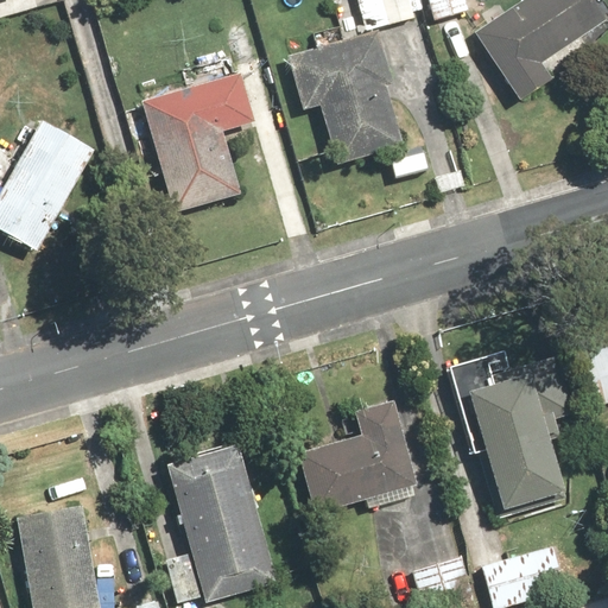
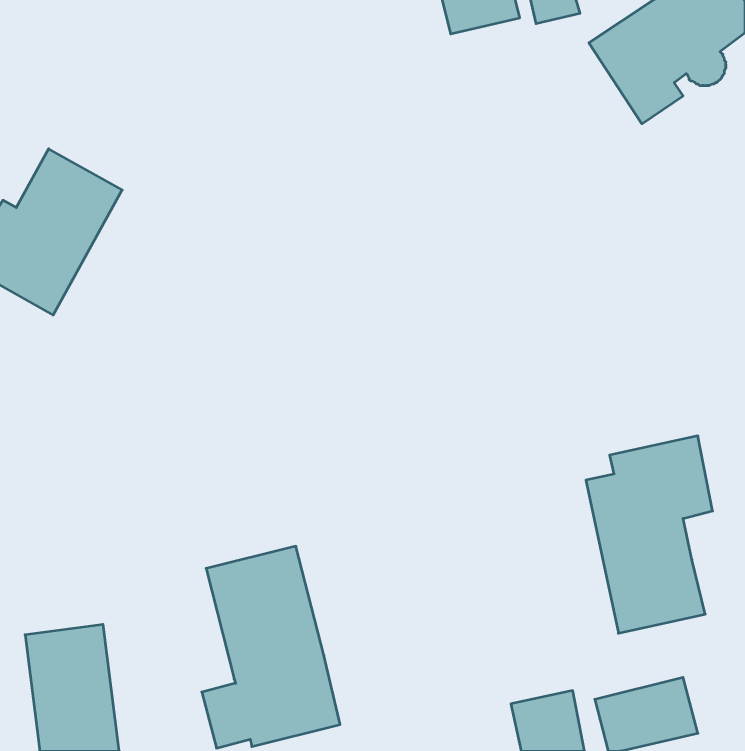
building: [284,33,404,159] -> none
building: [141,75,254,213] -> none
building: [296,393,416,512] -> none

